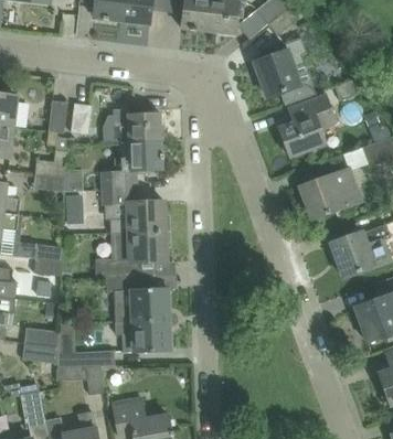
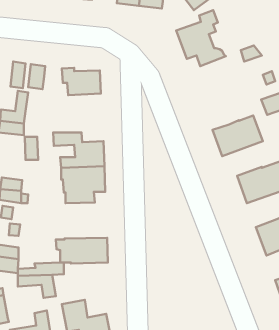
building: [278,95,334,158] -> none
building: [100,140,161,189] -> none
building: [106,276,168,321] -> none

